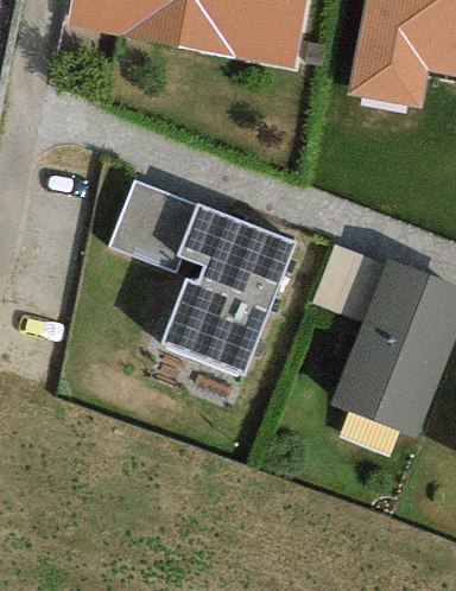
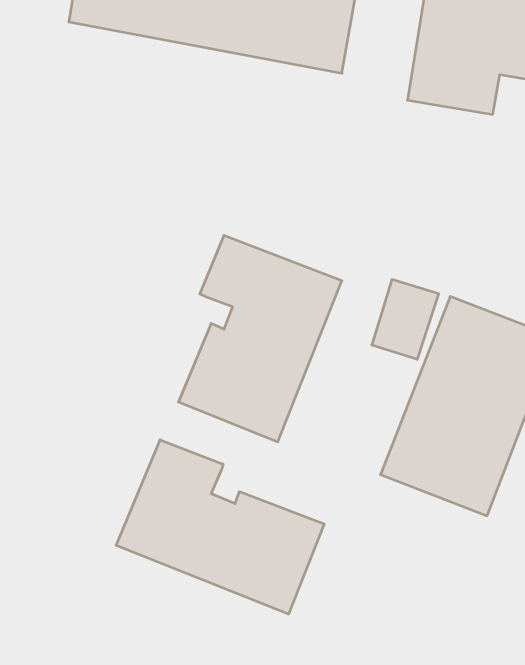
building: [107,180,197,273] -> none
building: none -> [116,440,324,614]

